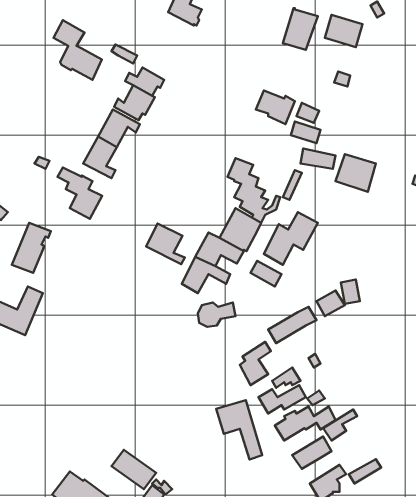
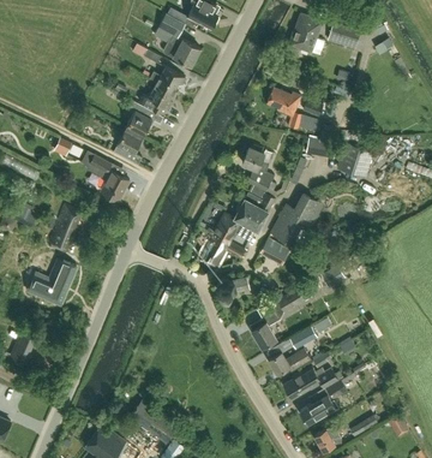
building: [53,20,102,80] -> [156,14,199,67]
building: [146,224,185,264] -> none
building: [216,400,262,459] -> none

